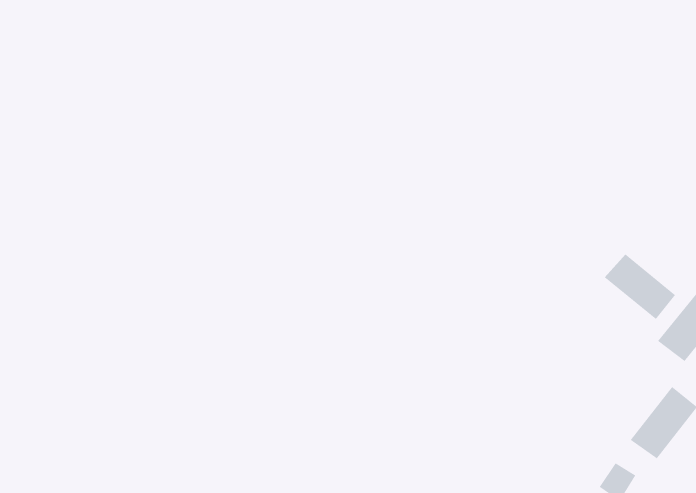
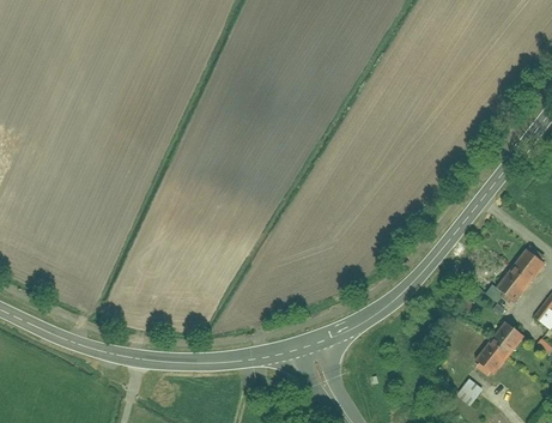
building: [604,254,676,320] -> none

